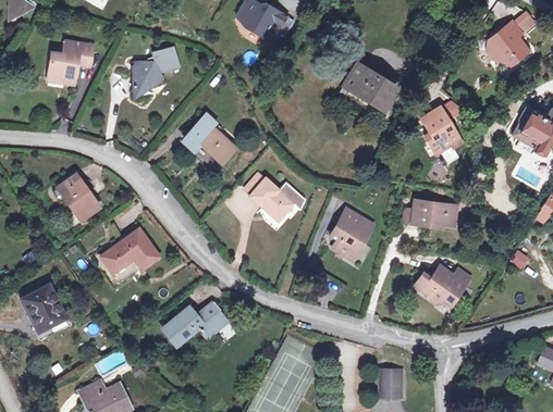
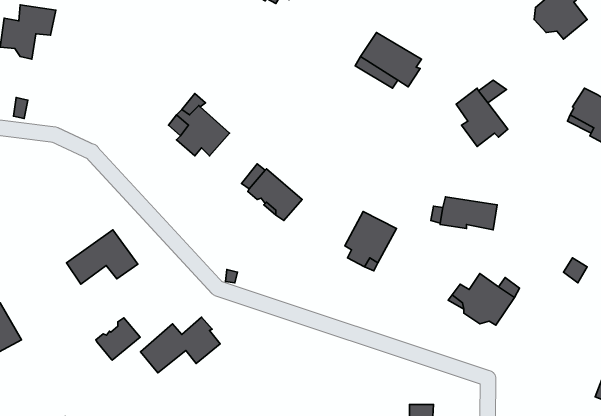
building: [131,47,179,93] -> none
building: [58,174,100,221] -> none
building: none -> [96,318,140,360]

